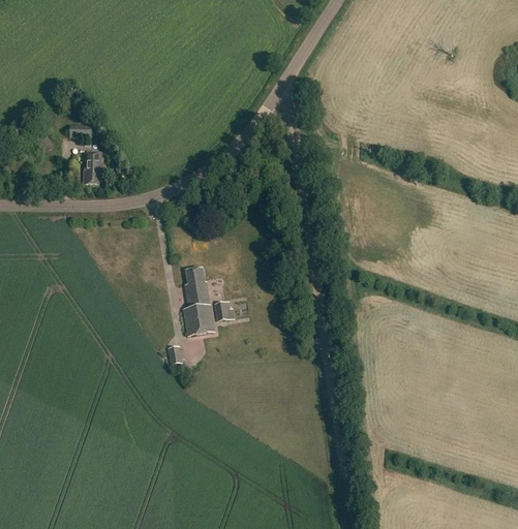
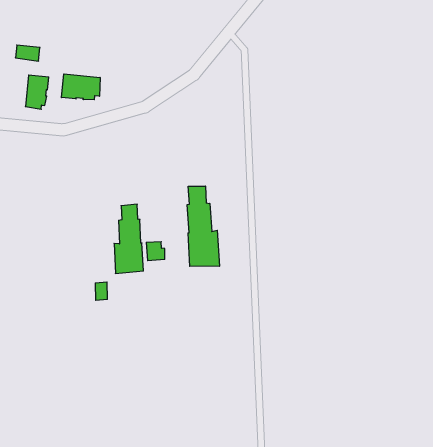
building: none -> [61,74,100,100]
building: none -> [187,186,219,266]

